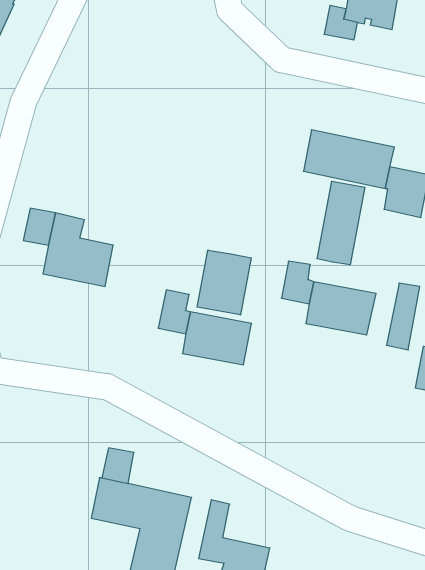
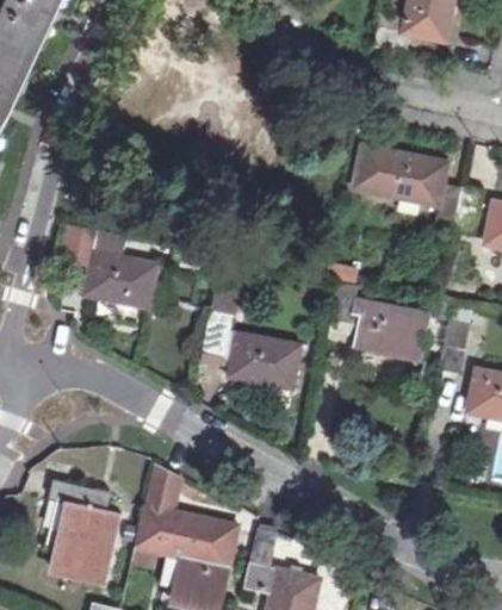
building: [317,181,365,265] -> none
building: [197,250,251,315] -> none
building: none -> [48,480,119,583]

